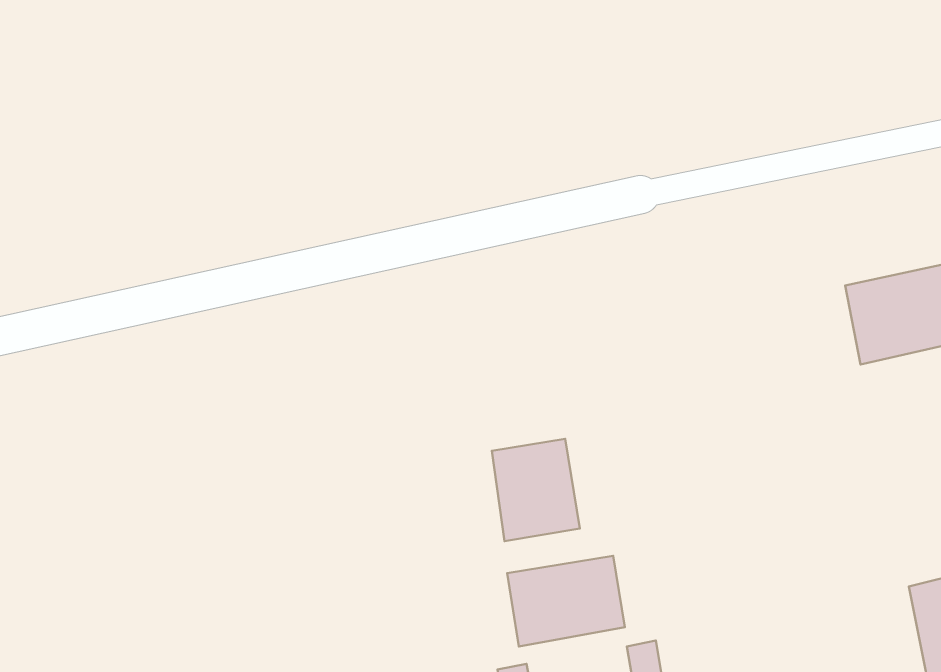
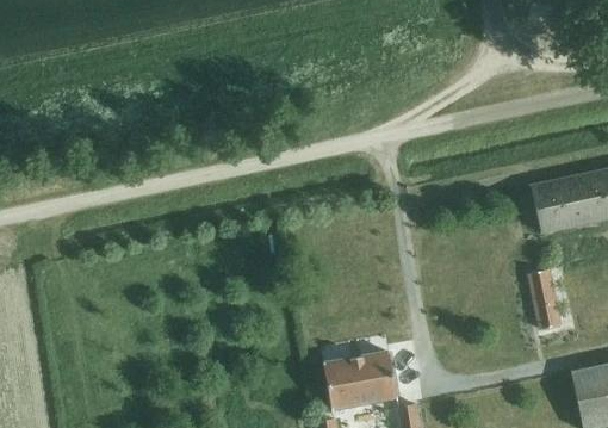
building: none -> [529,269,560,328]
building: [492,439,580,541] -> none

